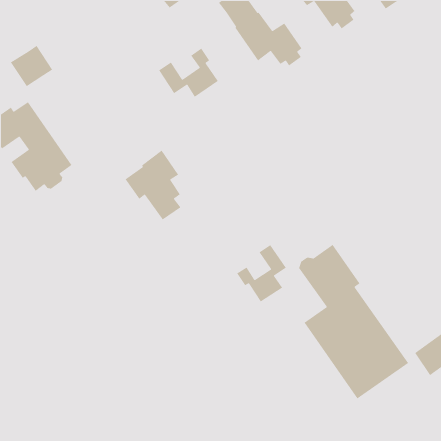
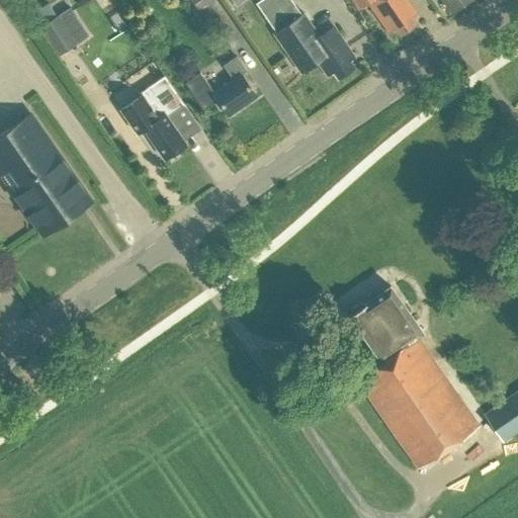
building: [10,45,53,87] -> [38,8,89,58]
building: [125,150,182,221] -> [120,76,187,159]
building: [236,244,287,303] -> none

